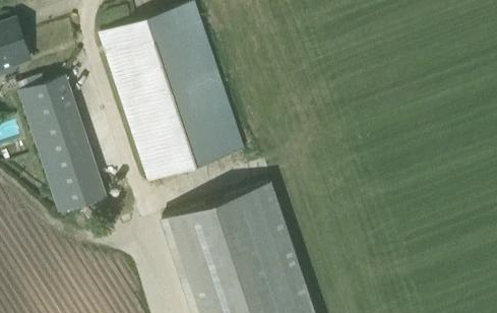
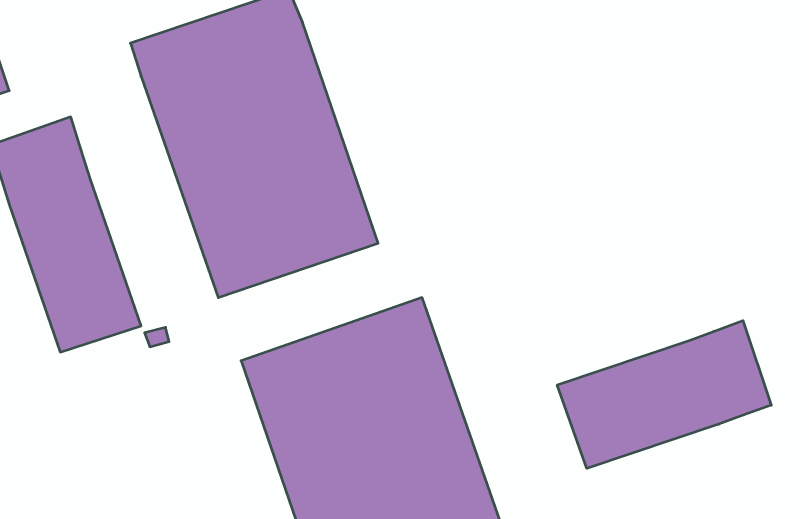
building: none -> [557,321,771,468]

